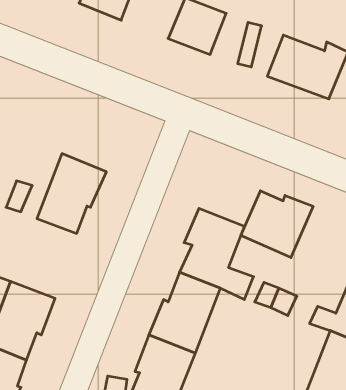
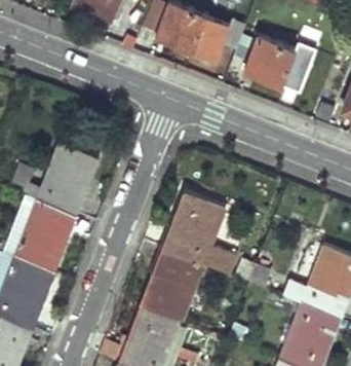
building: [241,191,313,258] -> none
building: none -> [14,200,74,272]

